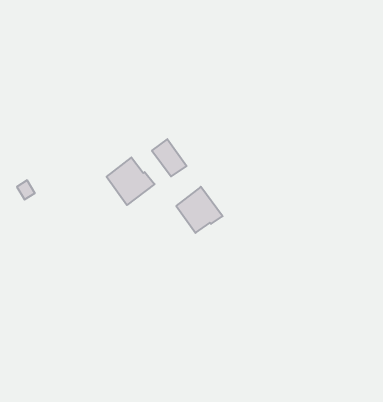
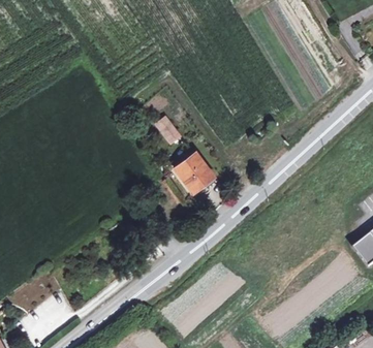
building: [107,157,155,205] -> none

